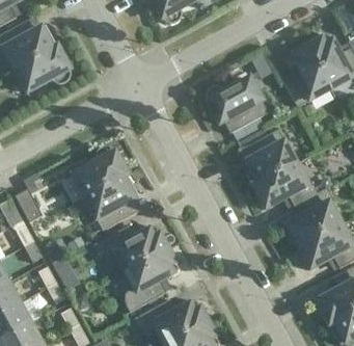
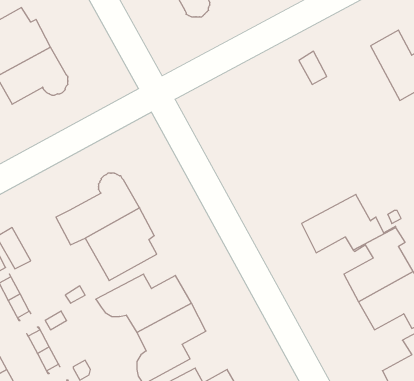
building: [284,47,330,108] -> none
building: [206,78,268,141] -> none
building: [239,130,296,186] -> none

